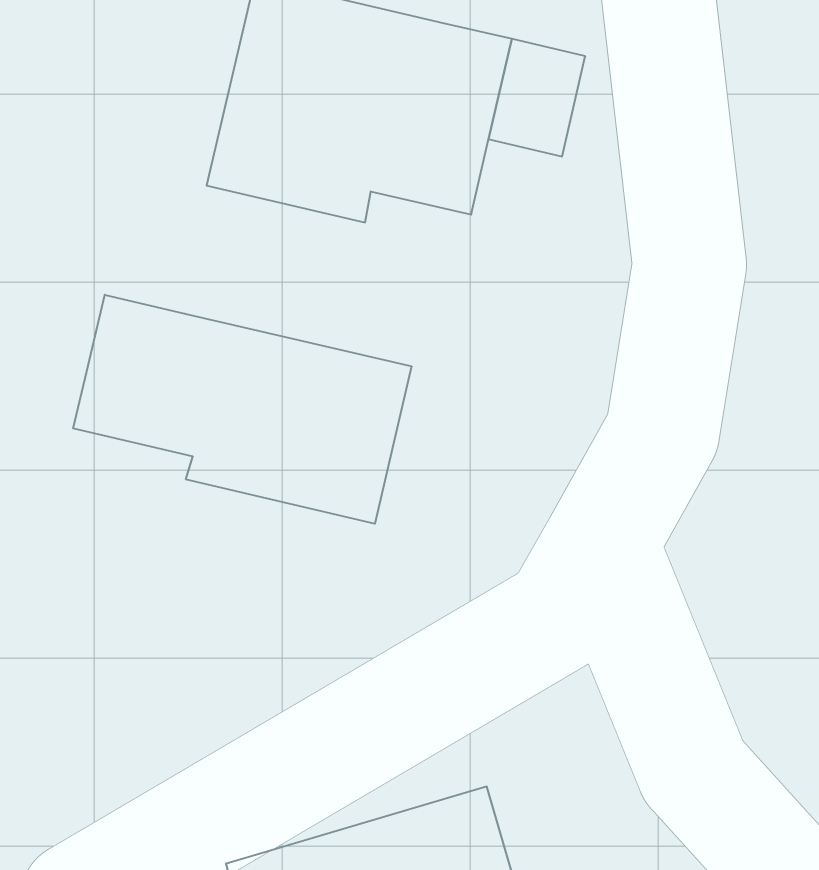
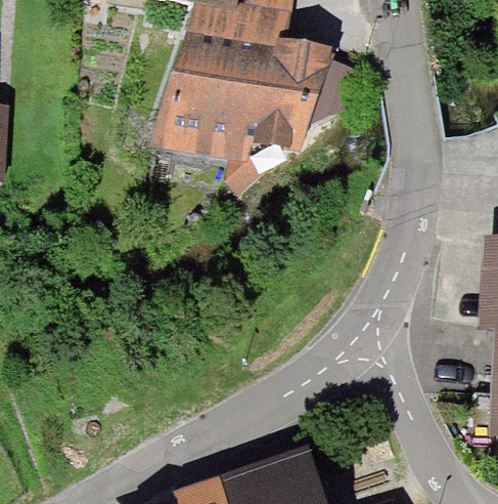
building: [73,295,411,524] -> none

